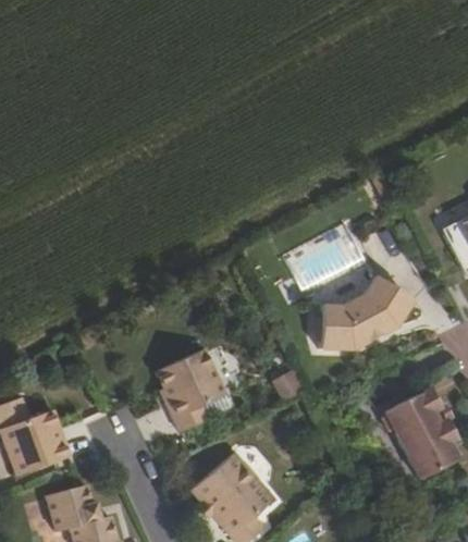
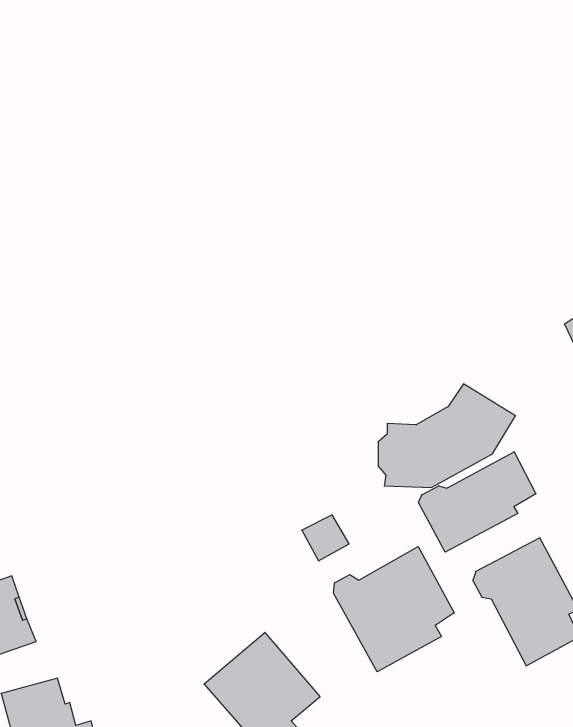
building: none -> [418,452,536,552]
building: [157,350,225,433] -> none
building: none -> [334,547,454,672]

